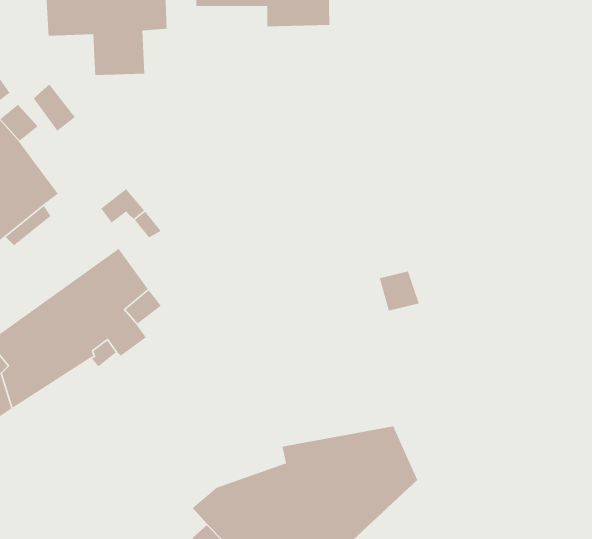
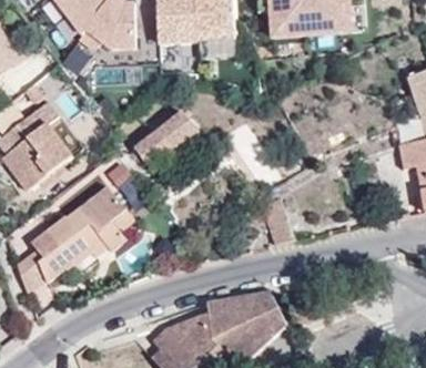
building: none -> [134,110,199,163]

